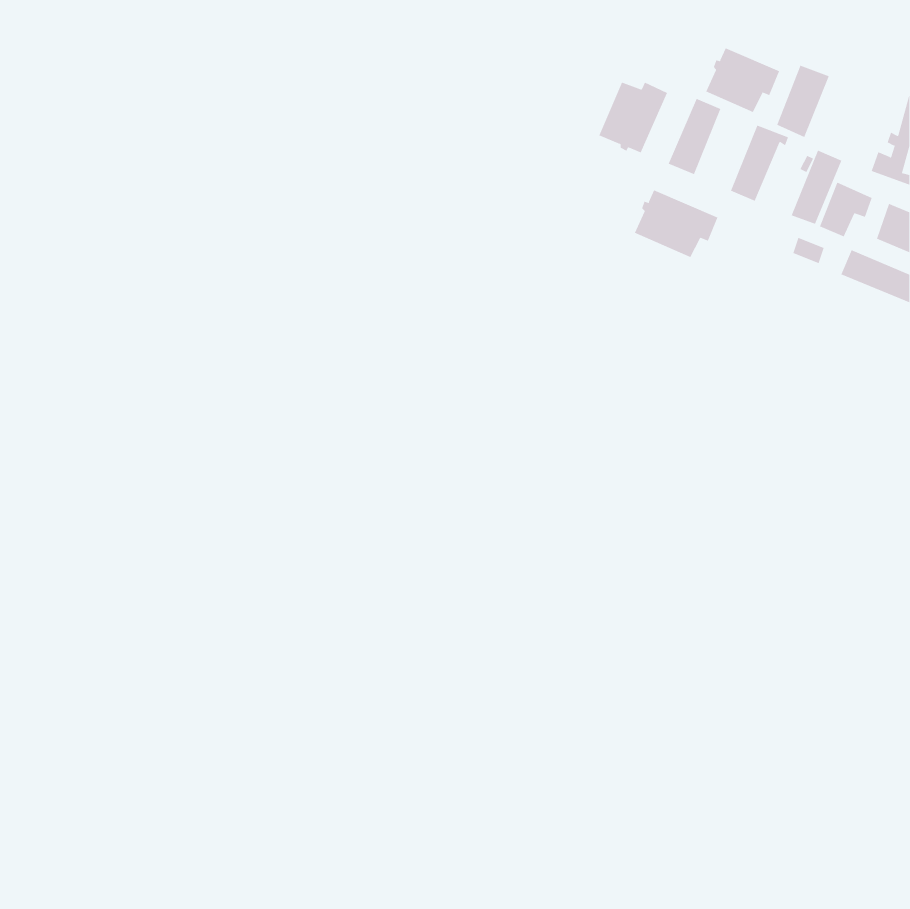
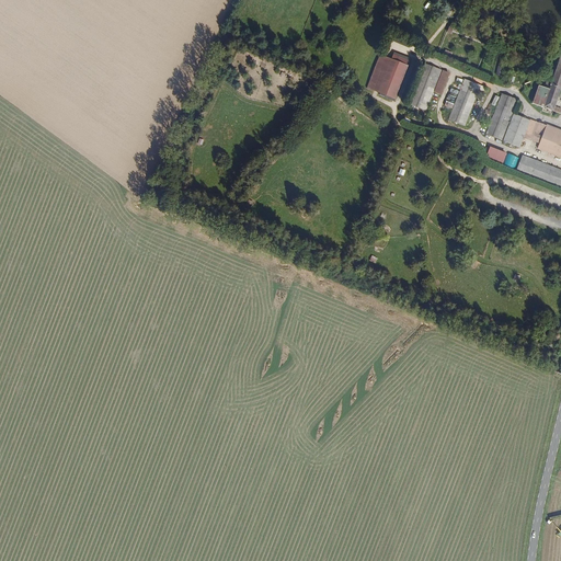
building: [705,48,780,113] -> none
building: [776,65,829,138] -> none
building: [634,189,718,258] -> none

